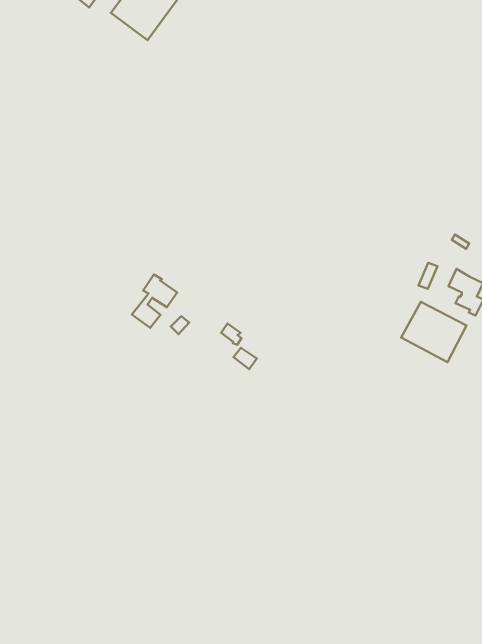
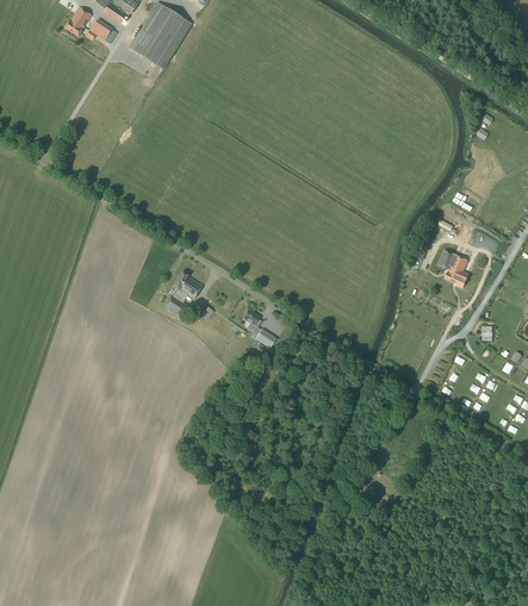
building: [401,302,467,362] -> none

